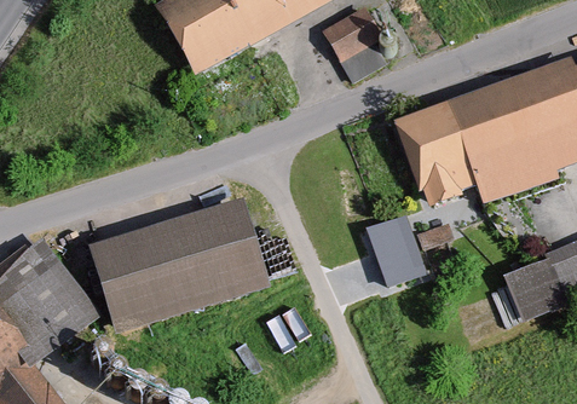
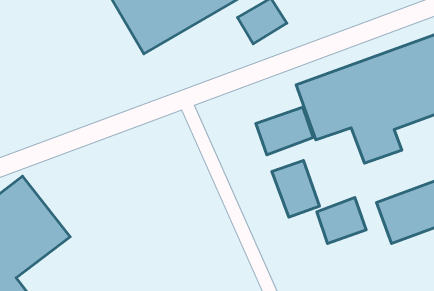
building: none -> [256,107,313,155]
building: [90,197,272,336] -> none
building: none -> [317,198,366,243]

